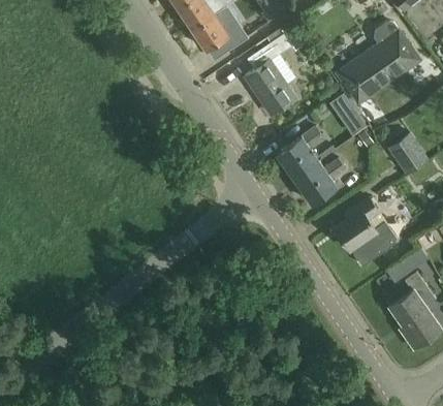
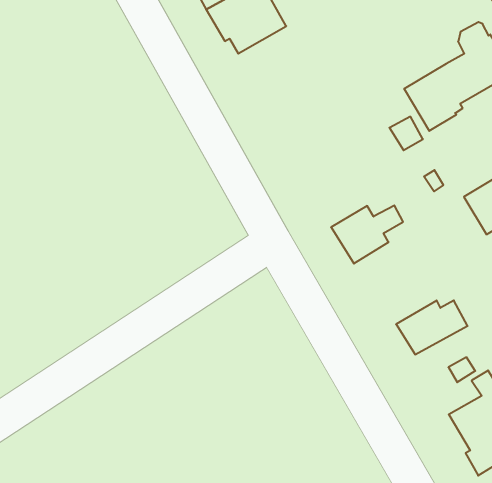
building: [245,20,308,115] -> none
building: [277,126,324,179] -> none
building: [334,199,380,245] -> none

